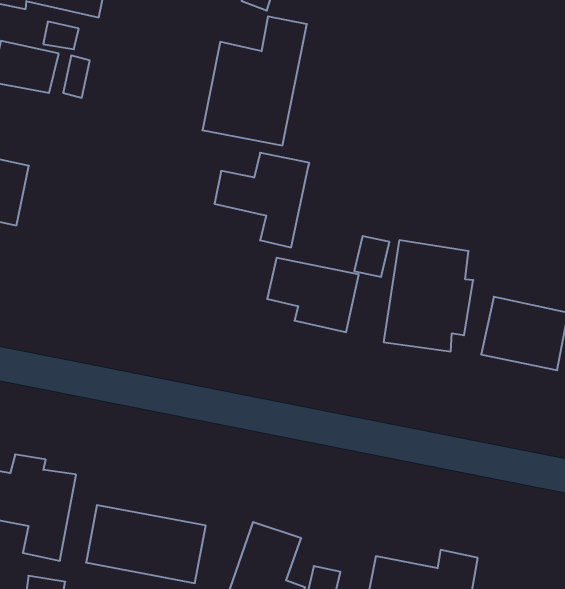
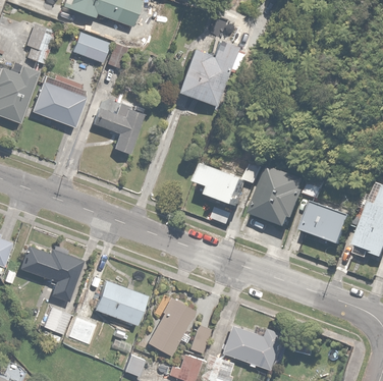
building: [214,153,309,247] -> [93,103,145,154]

